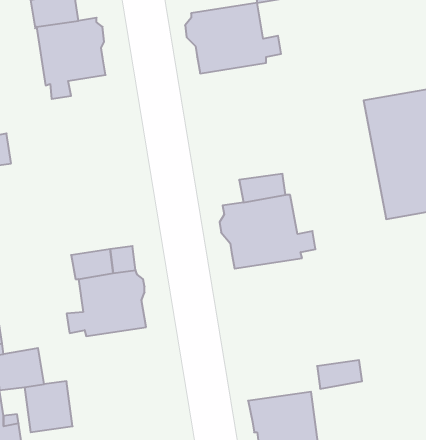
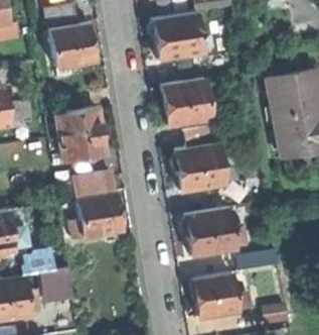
building: none -> [162,78,222,126]
building: none -> [55,108,106,171]
building: none -> [182,206,247,256]

